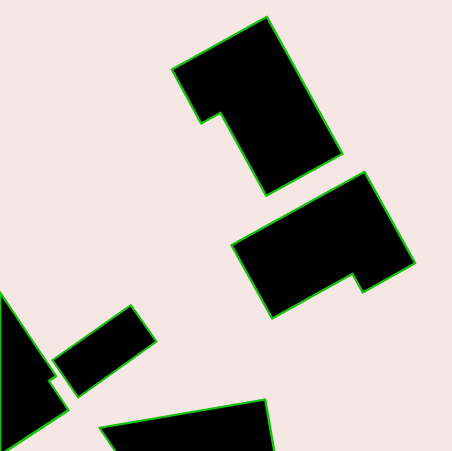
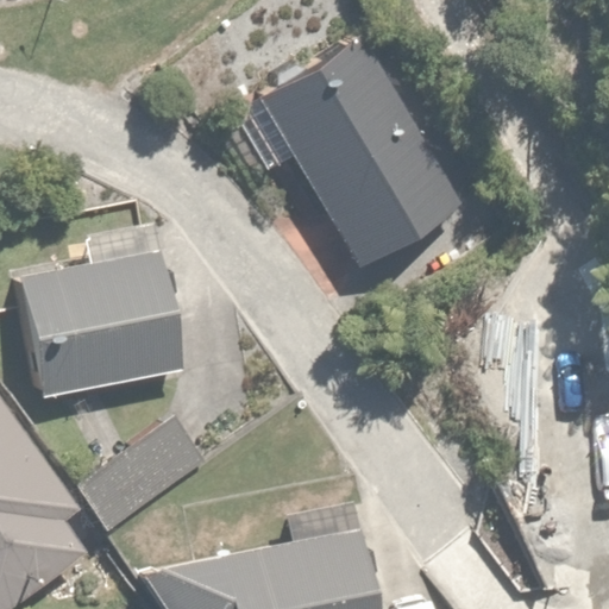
building: none -> [14,220,178,393]
building: [231,172,415,318] -> none

